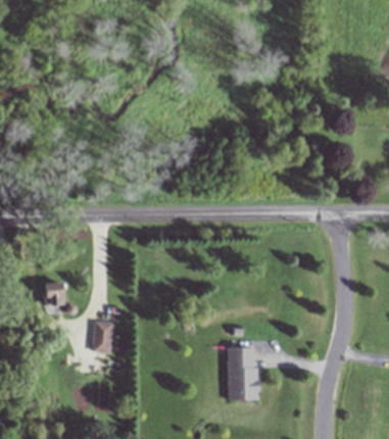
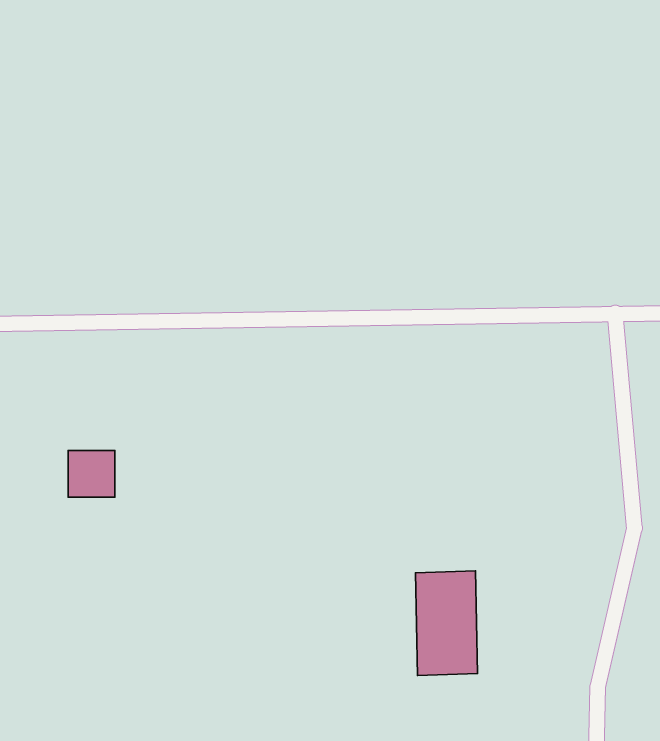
building: [93,322,113,353] -> none

